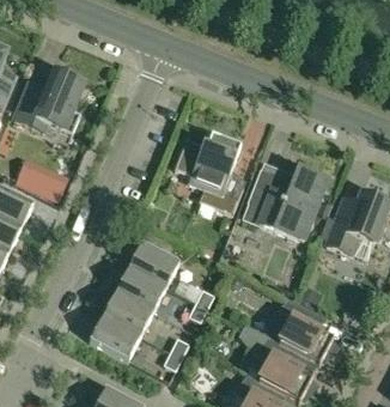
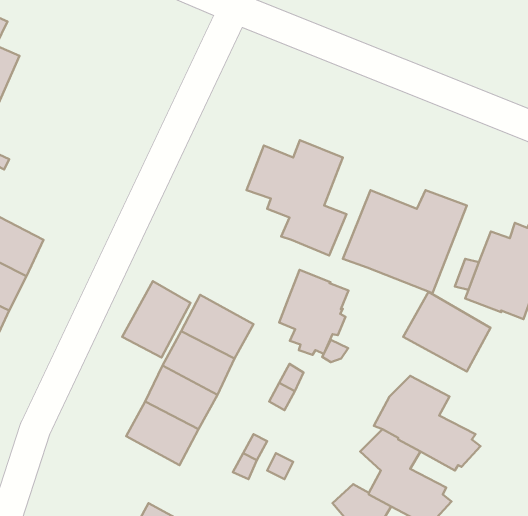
building: [13,71,83,134] -> none
building: [16,160,67,200] -> none
building: none -> [279,270,349,355]
building: none -> [122,281,190,357]
building: none -> [403,292,491,371]

